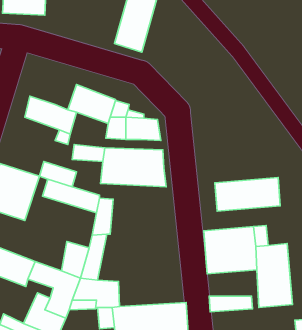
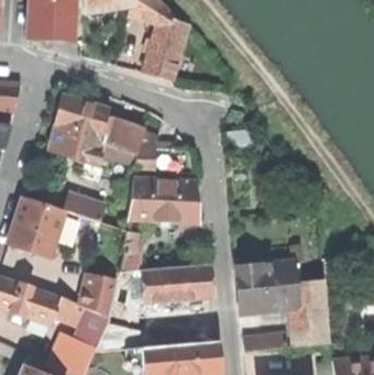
building: none -> [56,95,103,140]
building: [215,178,280,211] -> [144,265,212,300]

